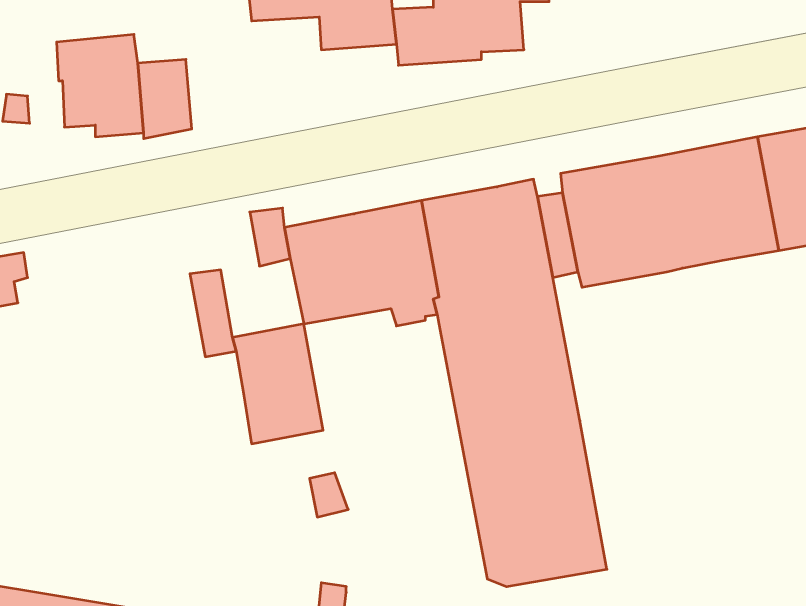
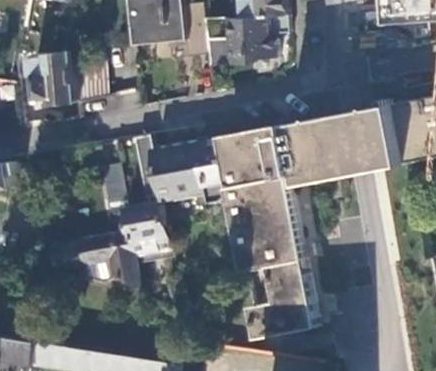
building: none -> [50,237,138,288]

